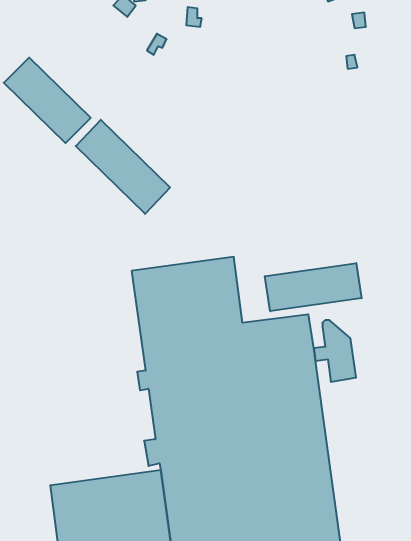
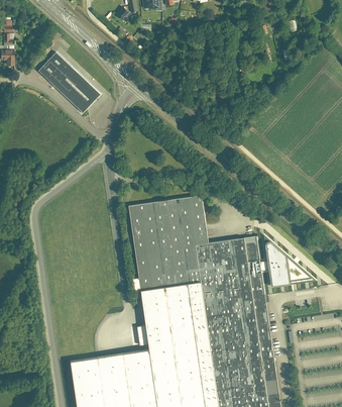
building: [76,120,170,214] -> none
building: [265,263,362,311] -> none

